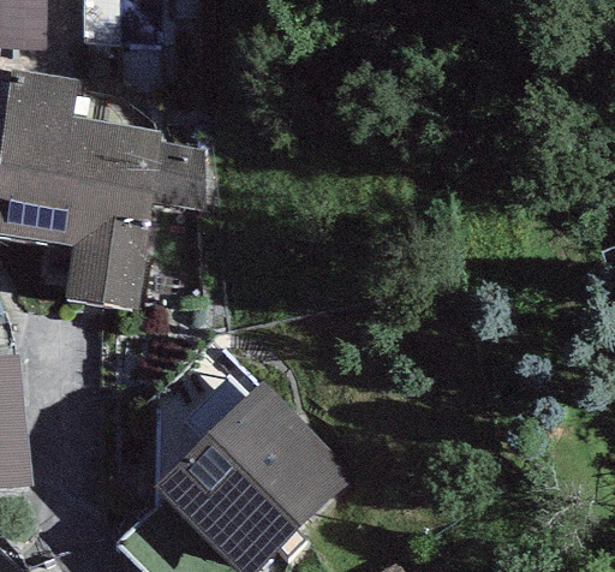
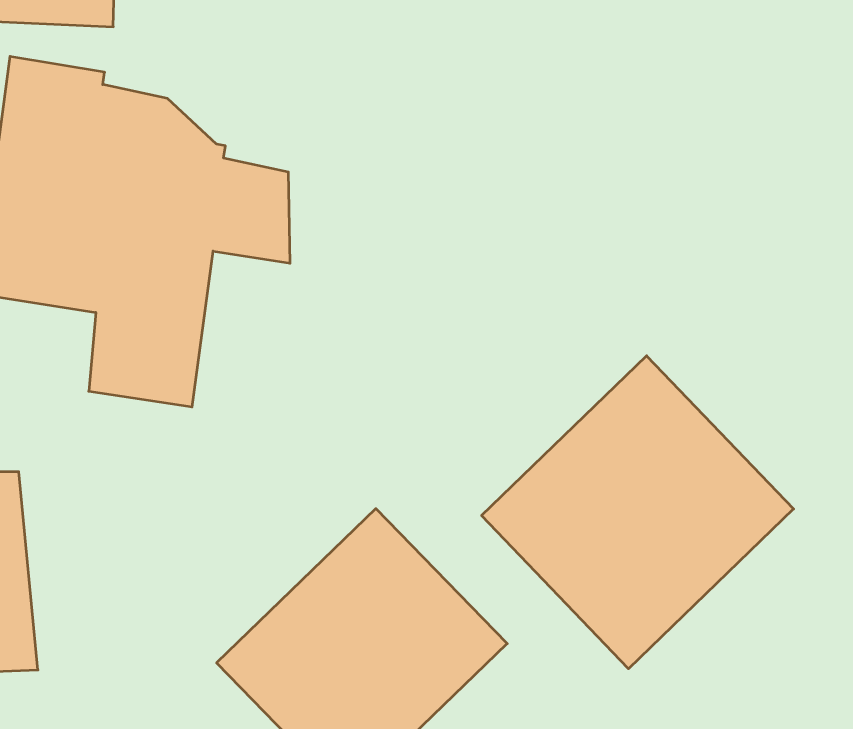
building: none -> [482,356,794,669]

